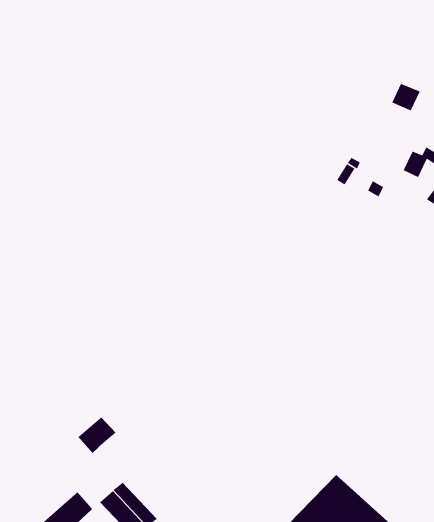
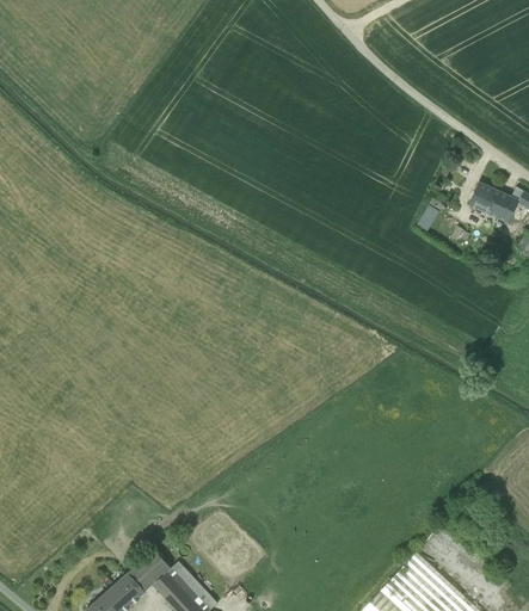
building: [391,83,421,112] -> [467,185,500,217]
building: [78,416,116,454] -> [127,553,170,594]

